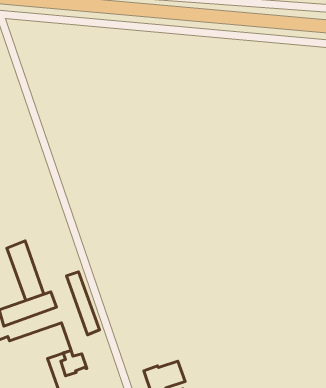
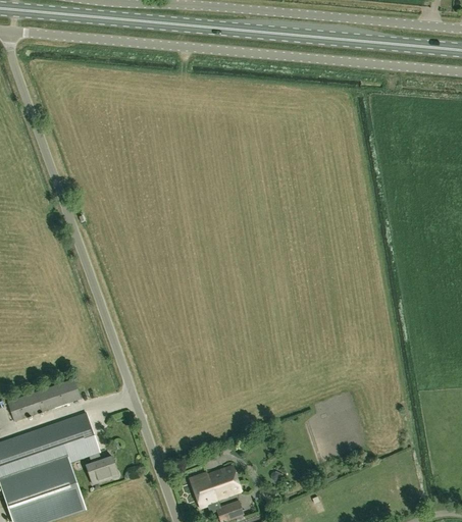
building: [7,241,44,300] -> none
building: [66,272,99,335] -> none

